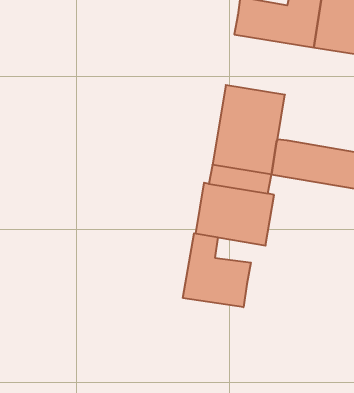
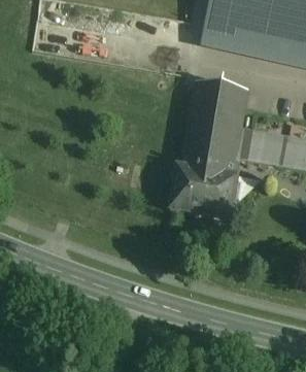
building: [183,233,251,307] -> none

